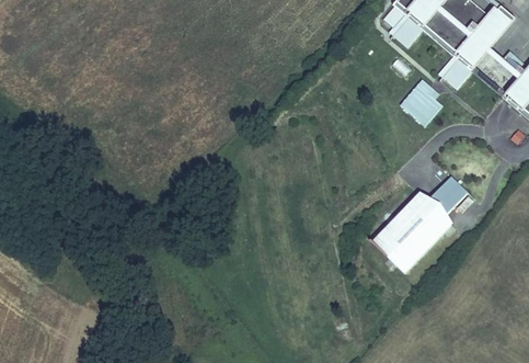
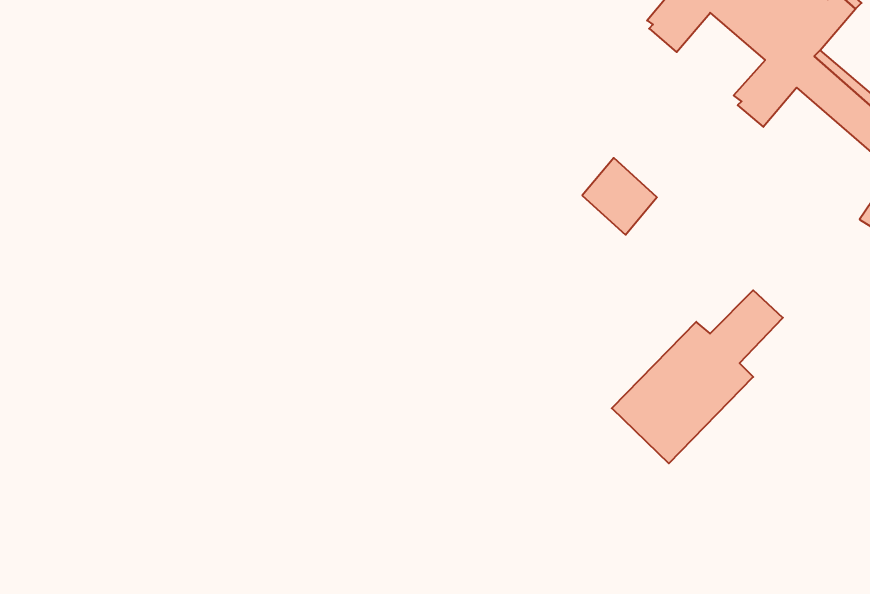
building: [402,80,444,123] -> [582,158,657,235]

